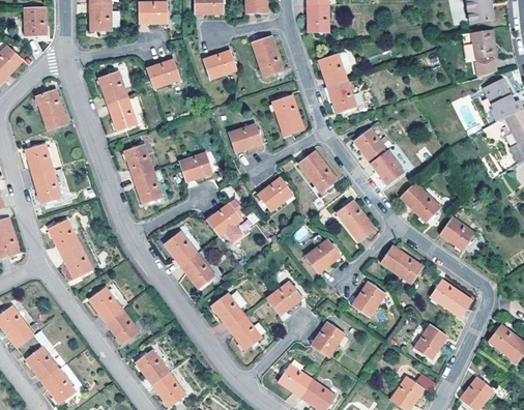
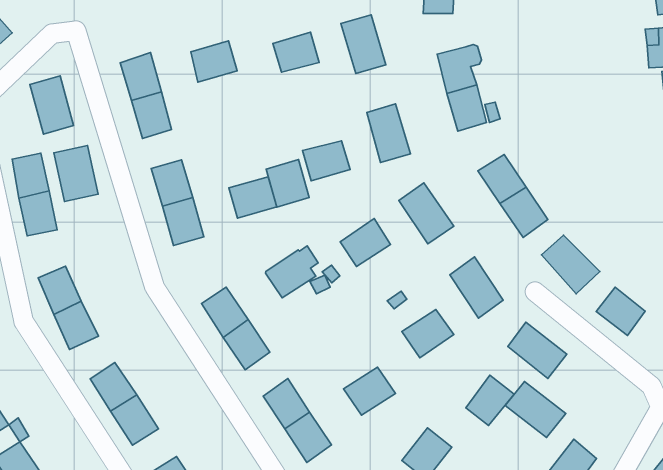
building: none -> [54,146,98,202]
building: none -> [266,159,309,207]
building: [430,279,472,317] -> [505,381,566,438]

